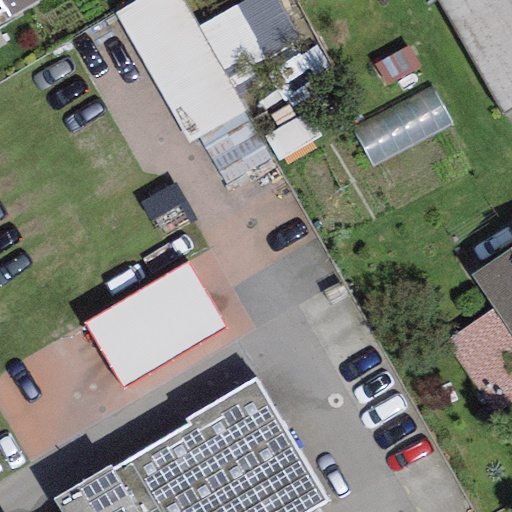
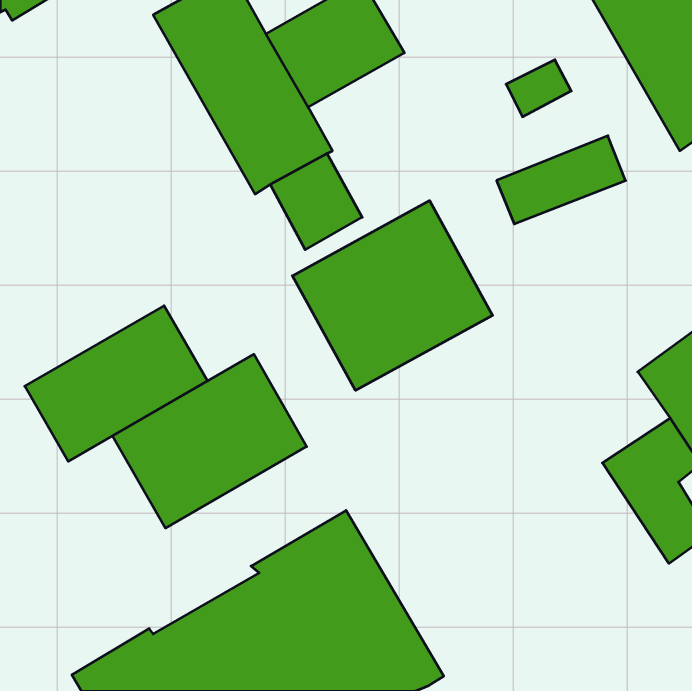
building: none -> [292,201,493,390]
building: none -> [25,306,208,461]

